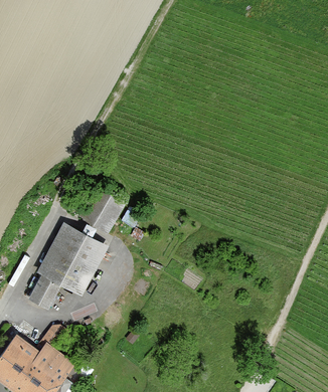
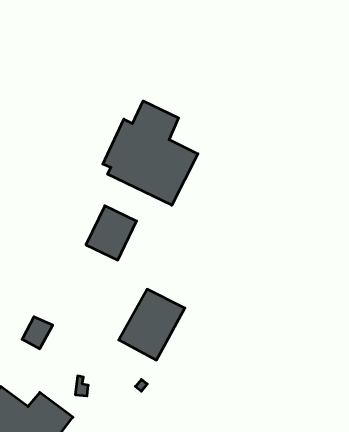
building: none -> [103,101,198,205]
building: [43,229,100,289] -> [119,289,185,360]

